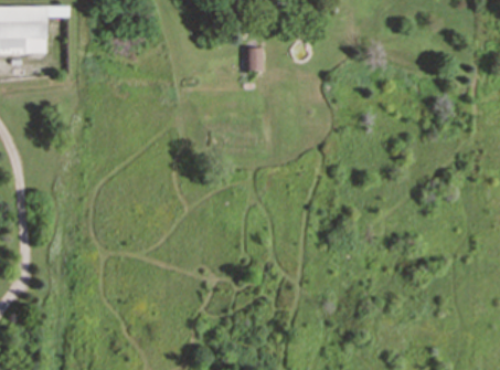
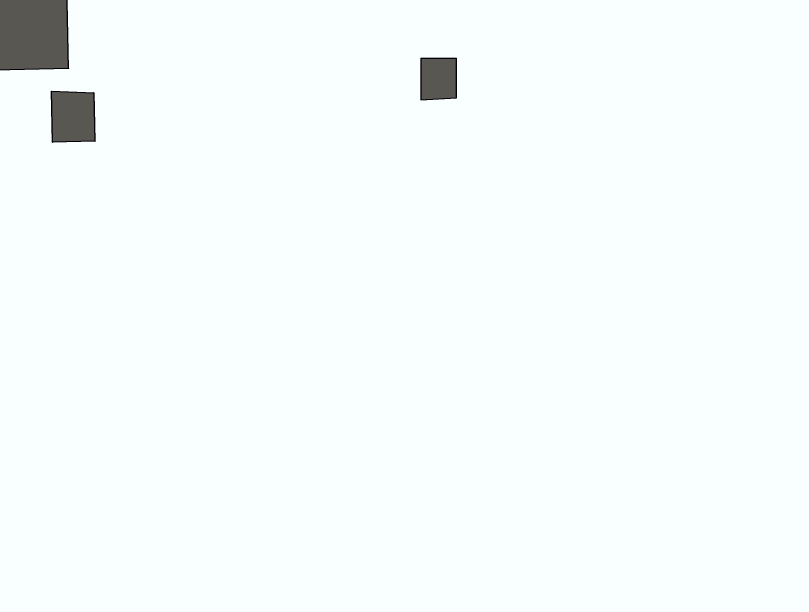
building: none -> [51,91,95,142]

